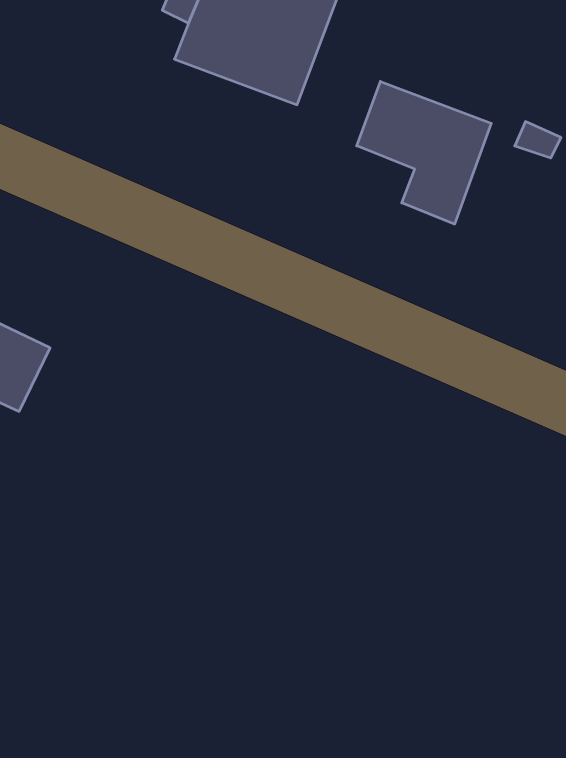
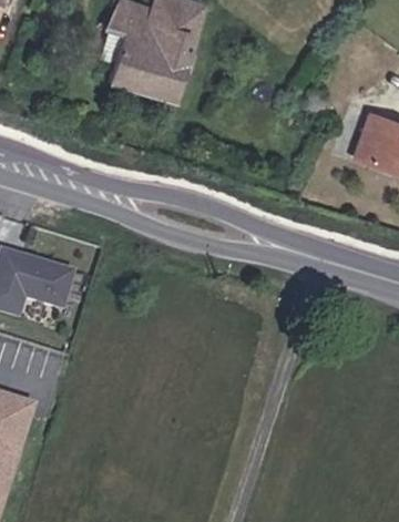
building: [357,81,491,224] -> none

